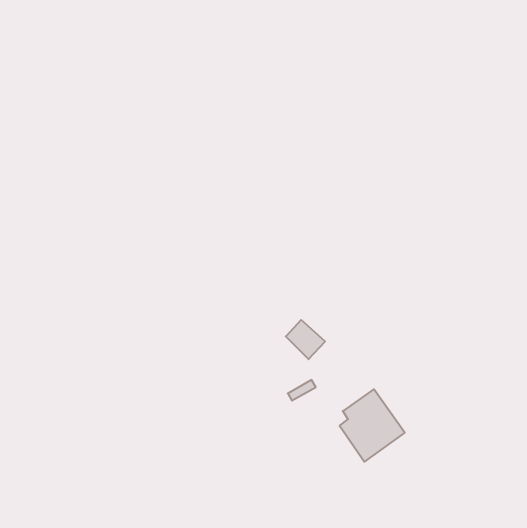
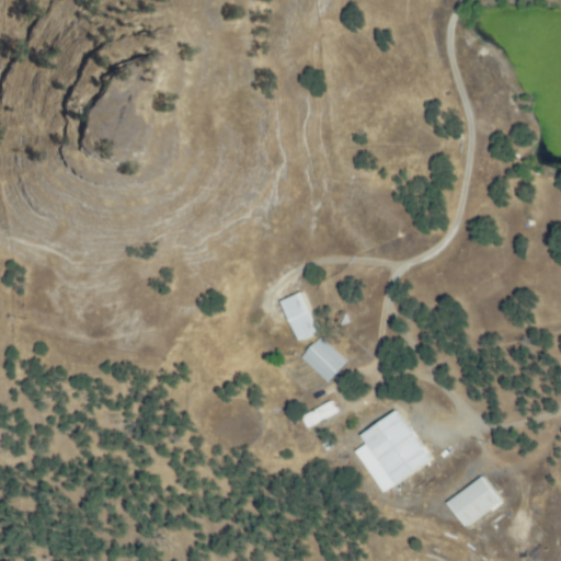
building: none -> [282,294,318,340]
building: none -> [449,479,497,525]

